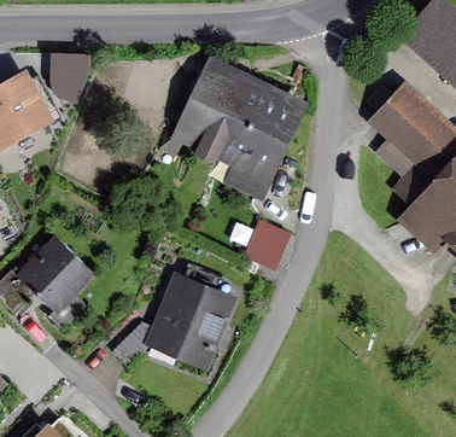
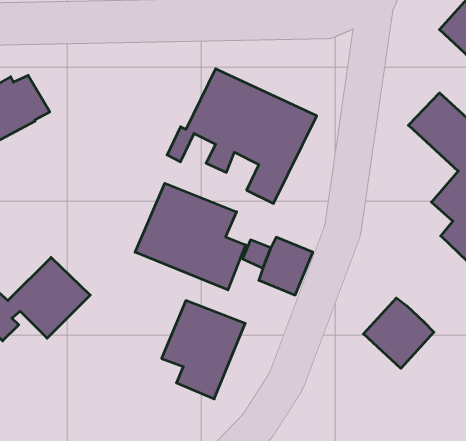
building: [49,54,89,106] -> none
building: none -> [135,183,246,290]
building: none -> [363,298,434,368]

